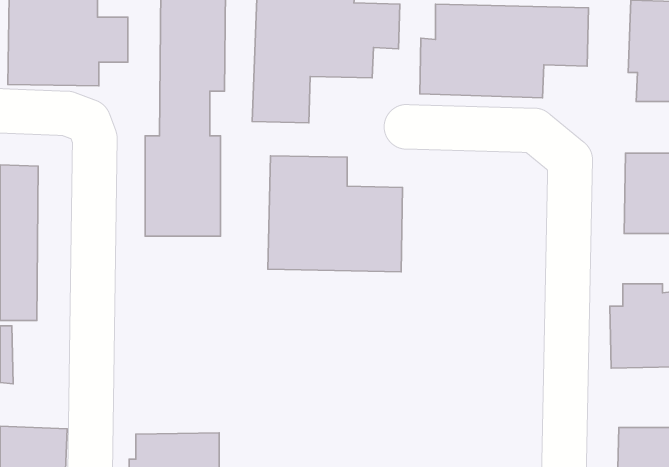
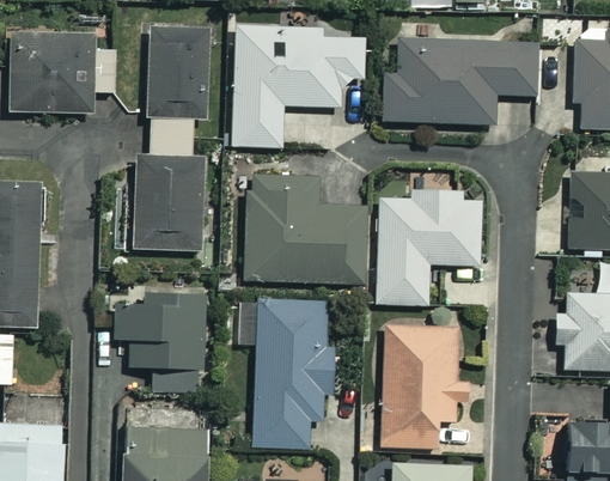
building: none -> [377,190,482,305]
building: none -> [114,293,207,400]
building: none -> [255,300,328,447]
building: none -> [383,327,457,447]

